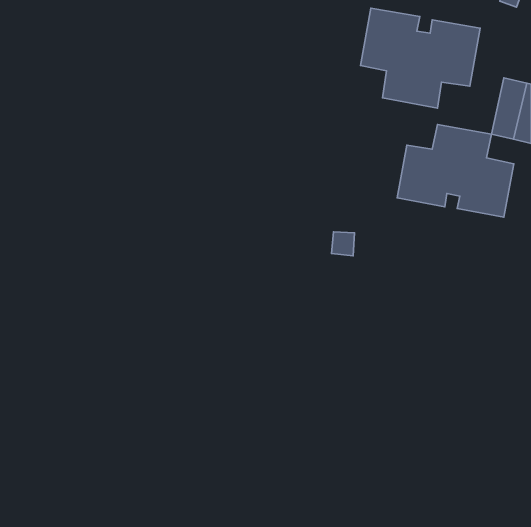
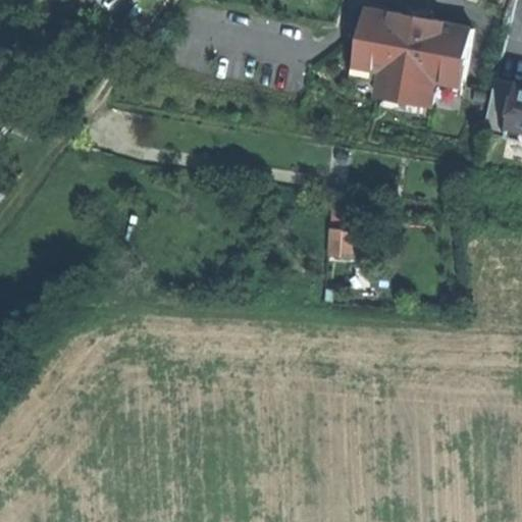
building: [397,125,514,217] -> none

